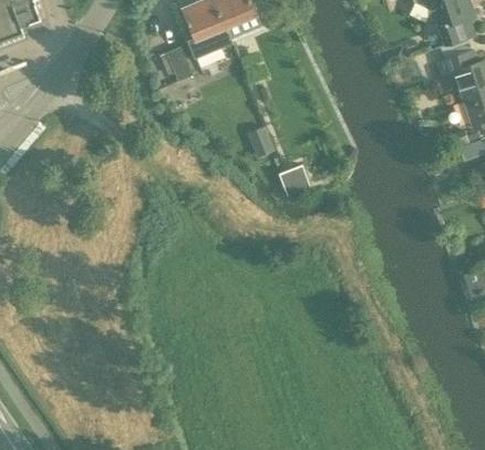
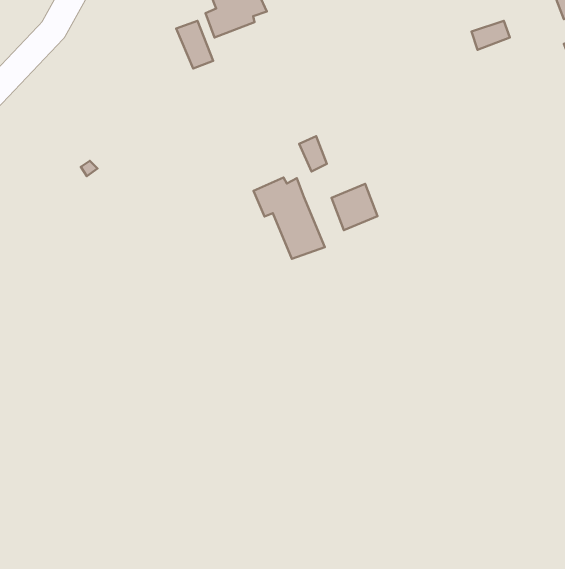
building: none -> [253,177,325,259]

